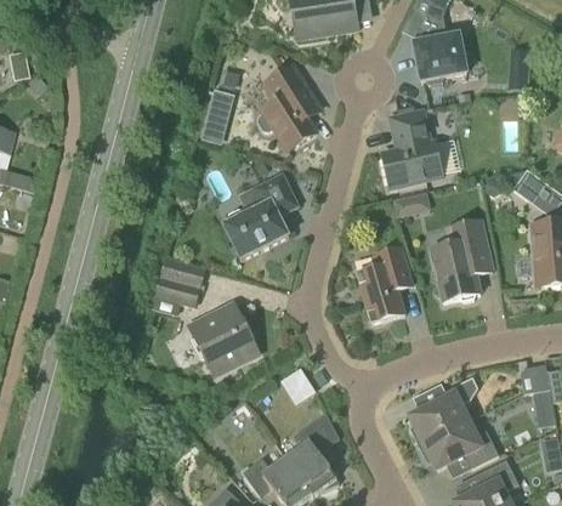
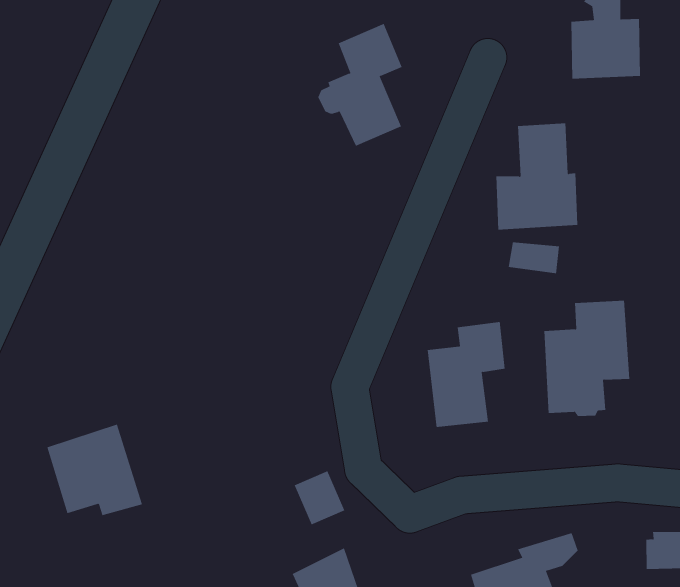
building: [204,85,239,140] -> none
building: [222,174,296,258] -> none
building: [155,257,203,307] -> none
building: [188,302,257,366] -> [47,424,143,516]

